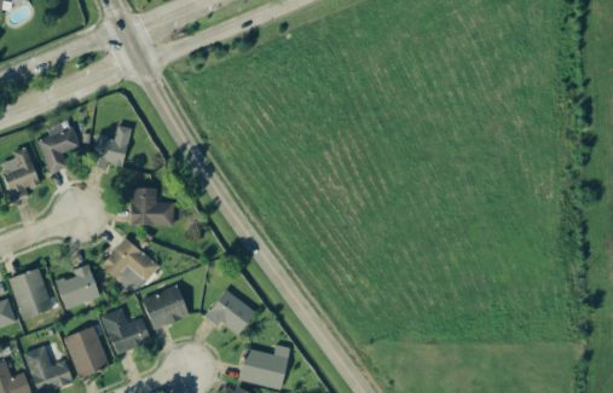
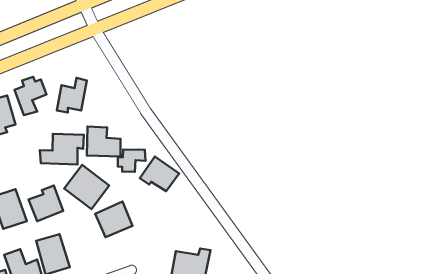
building: none -> [40,134,84,164]
building: none -> [118,149,145,172]
building: [206,289,256,334] -> [140,157,179,191]
building: [103,308,151,354] -> none

